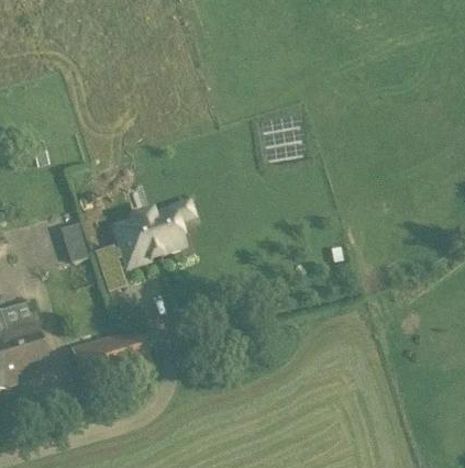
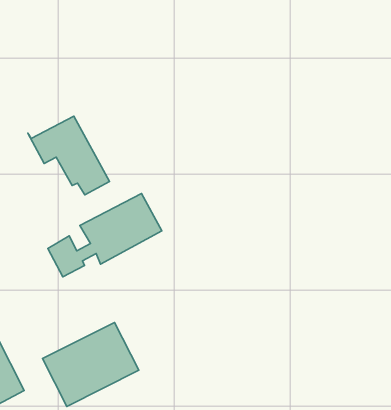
building: none -> [28,116,110,195]
building: [62,219,88,257] -> none

